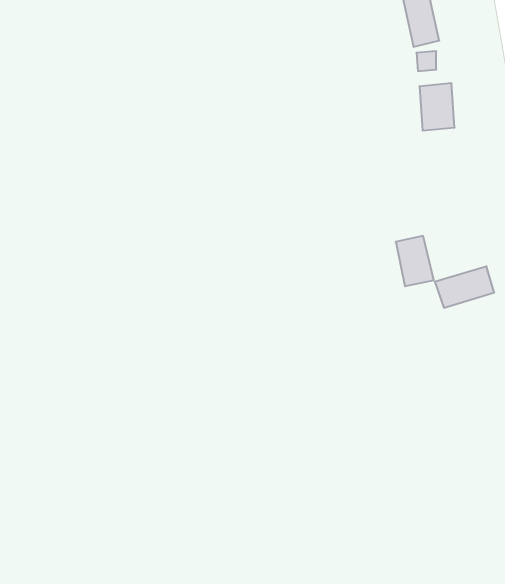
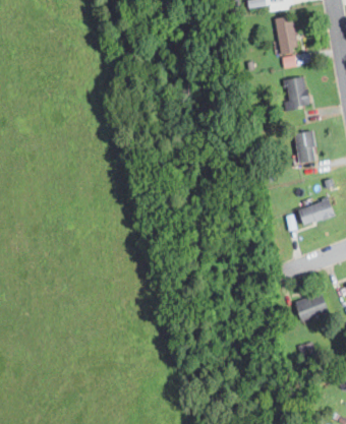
building: [396,236,434,286] -> [292,129,318,163]
building: none -> [294,293,330,321]

